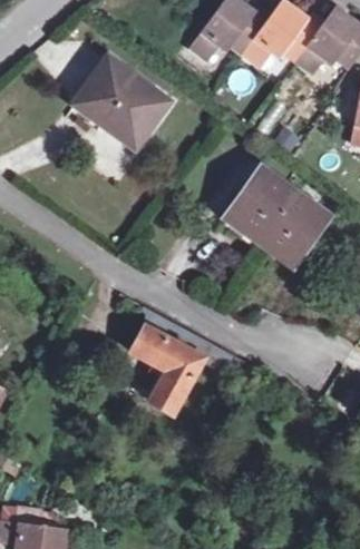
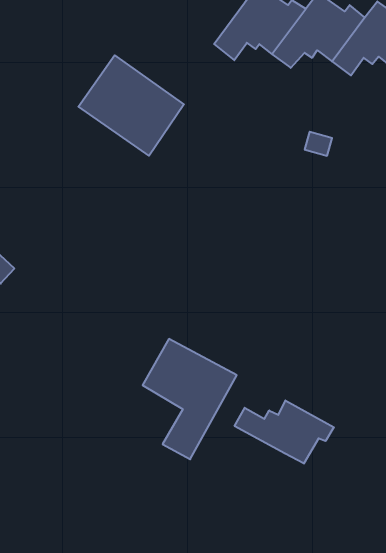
building: [224,166,325,255] -> none
building: none -> [235,400,334,464]

